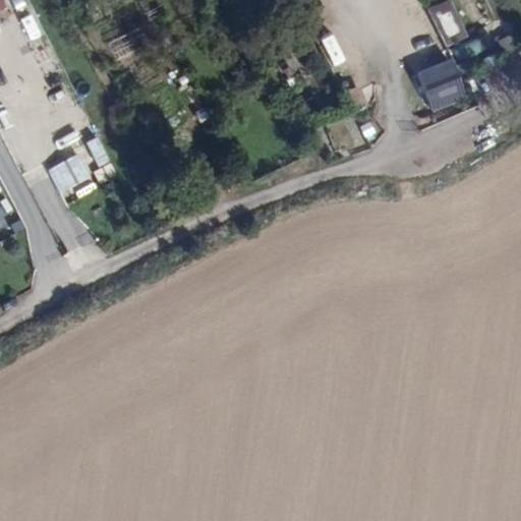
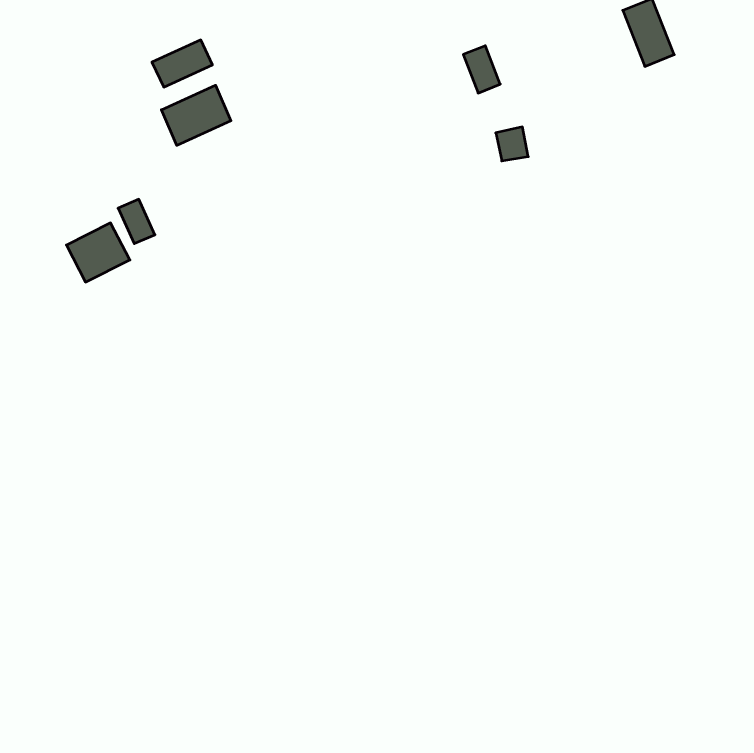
building: [417,56,469,111] -> none
building: none -> [161,85,231,145]

